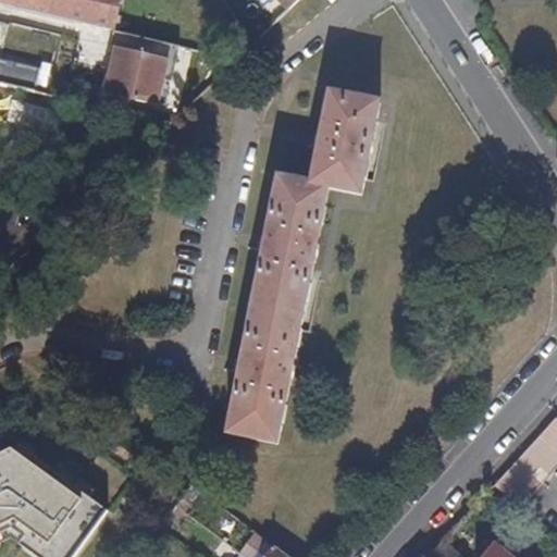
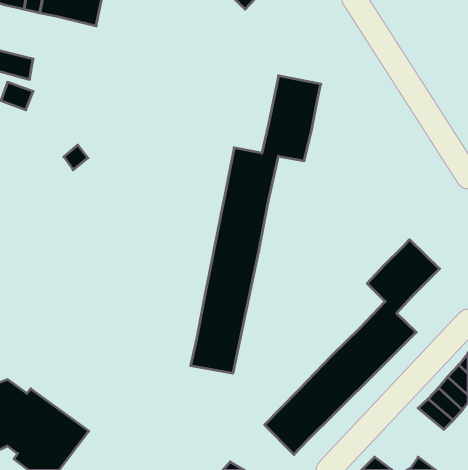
building: [104,30,180,107] -> none
building: none -> [265,240,440,455]

